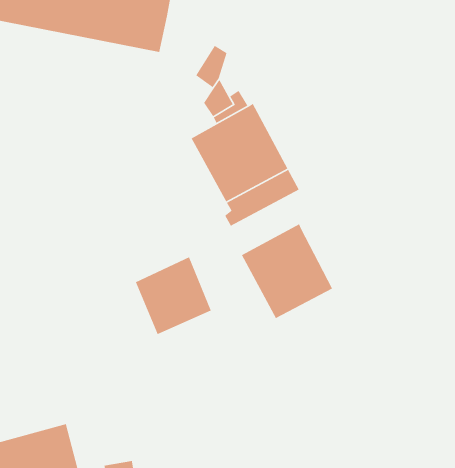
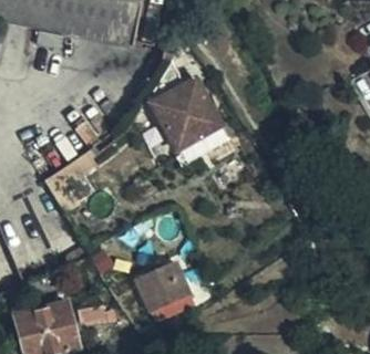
building: [241,223,333,319] -> none
building: [135,256,212,335] -> [137,262,191,316]

